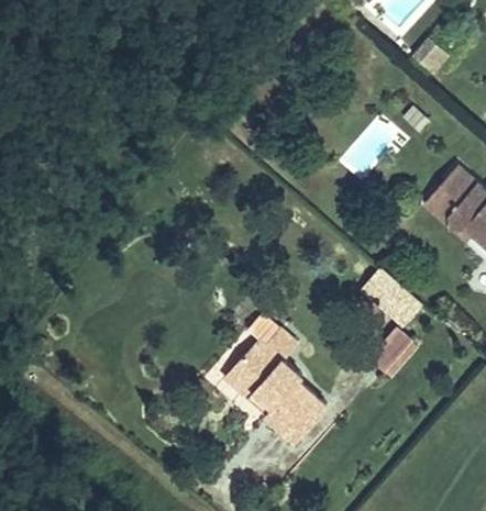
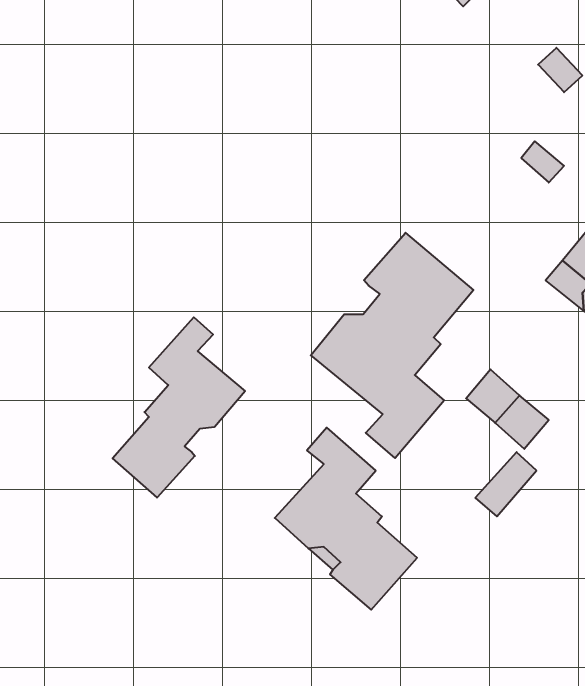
building: none -> [311,233,473,458]
building: none -> [113,317,245,498]

